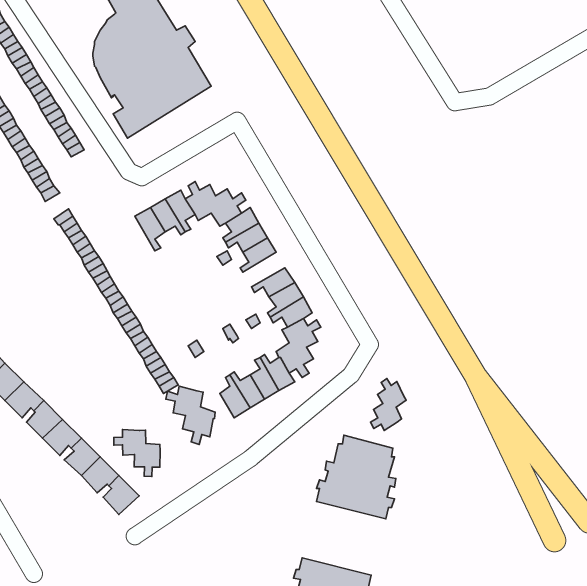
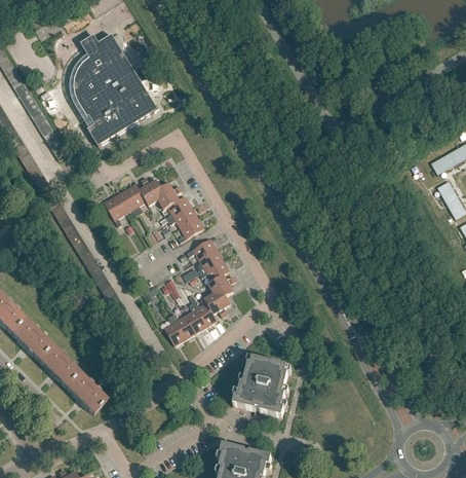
building: [371,379,406,430] -> none
building: [166,386,215,444] -> none
building: [114,430,160,476] -> none

